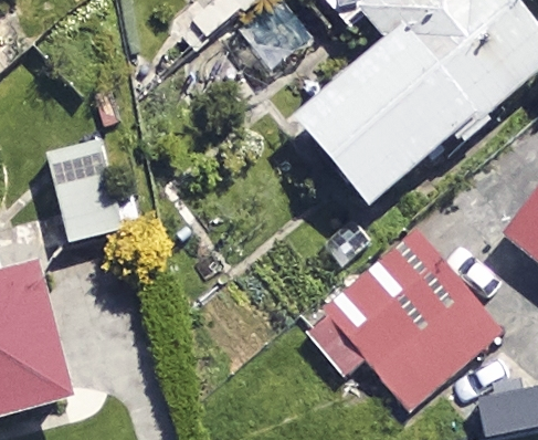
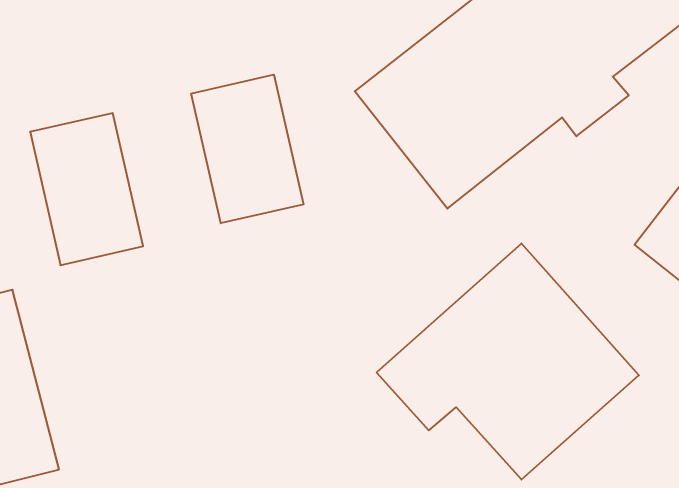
building: none -> [191,75,304,223]

